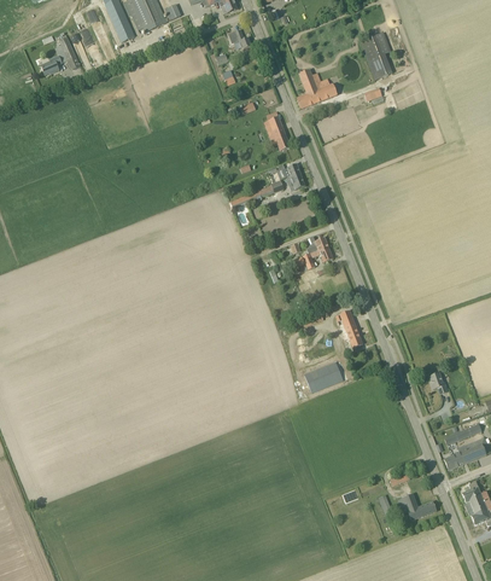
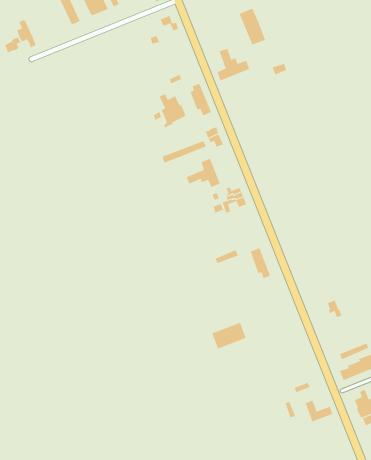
building: [360,34,392,79] -> [239,8,266,45]
building: none -> [159,93,186,129]
building: none -> [186,158,220,188]
building: [305,360,347,393] -> [212,322,247,349]

